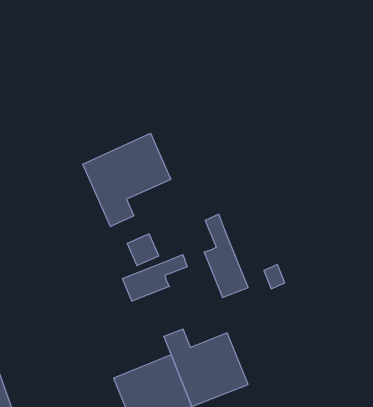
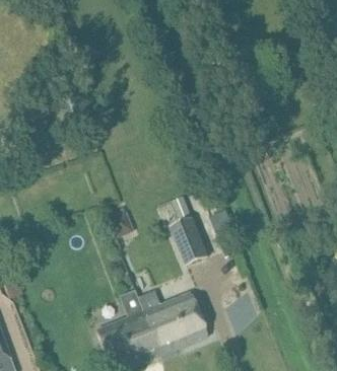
building: [83,133,171,227] -> none
building: [122,255,187,301] -> none

